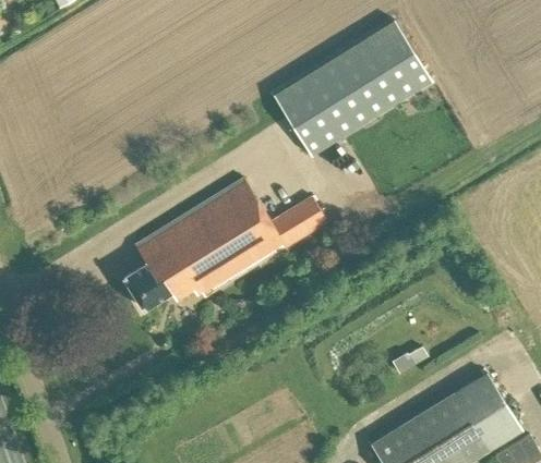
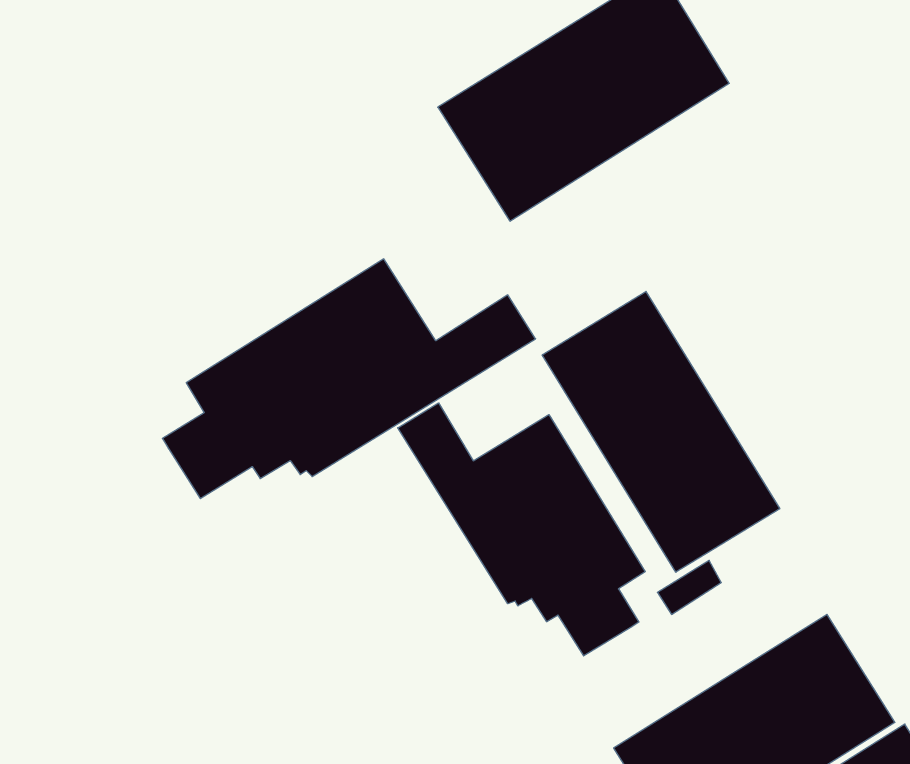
building: none -> [542,291,780,572]
building: none -> [398,403,645,656]

